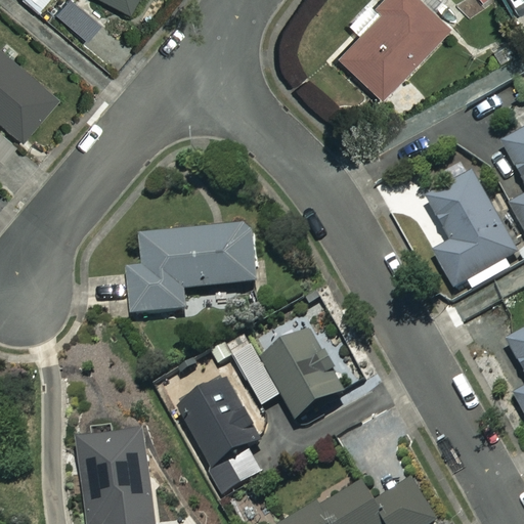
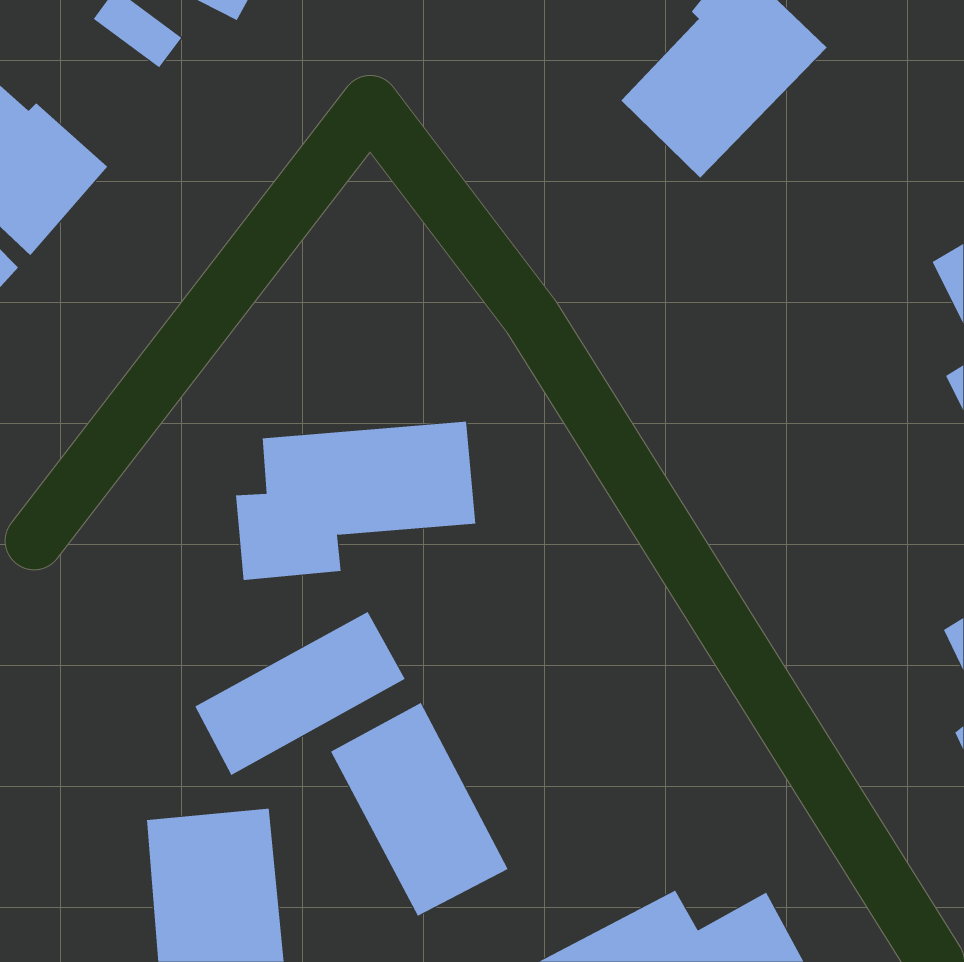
building: [428,162,516,291] -> none
building: [230,310,347,421] -> none
building: none -> [194,611,406,776]

